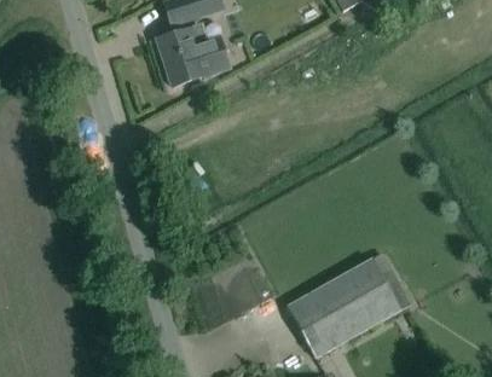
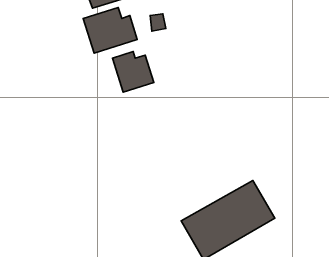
building: none -> [112,52,154,92]

